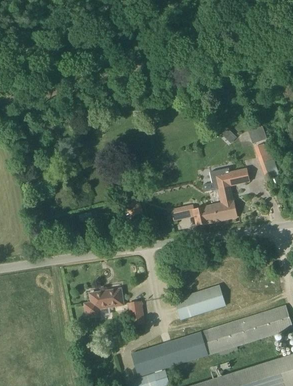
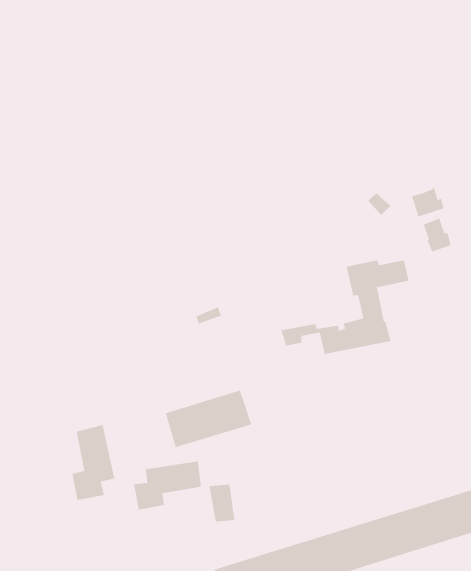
building: none -> [72,424,115,501]
building: [173,285,225,320] -> [165,390,252,448]

